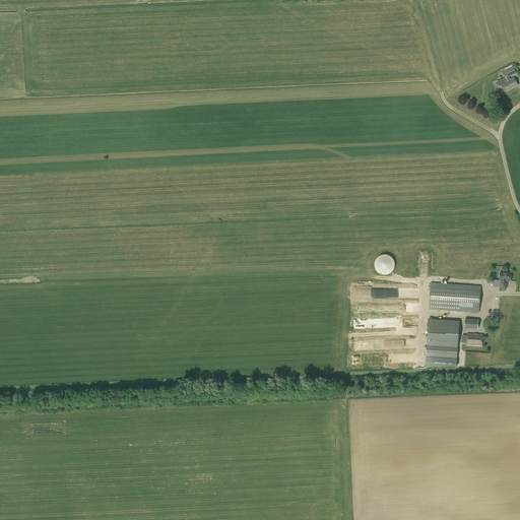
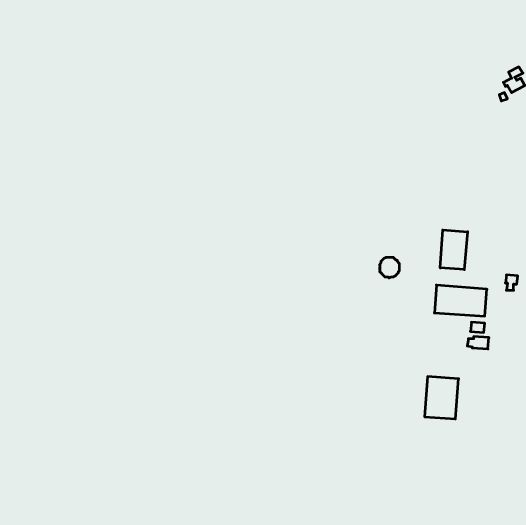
building: none -> [440,230,468,270]
building: [426,318,459,360] -> [425,377,459,419]

